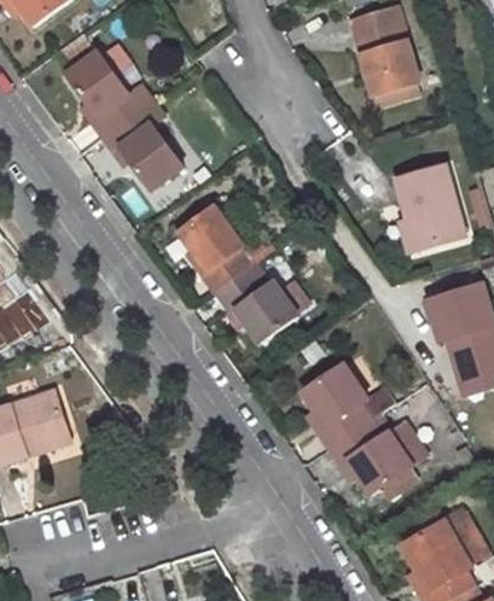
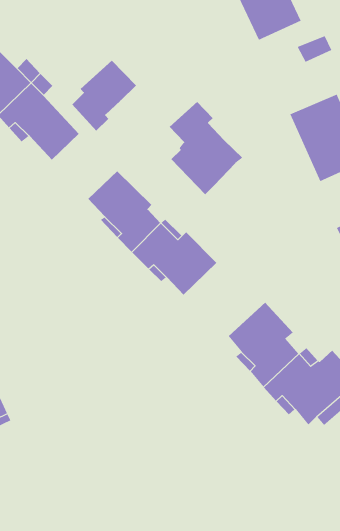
building: none -> [71,60,137,131]
building: none -> [169,101,243,195]

